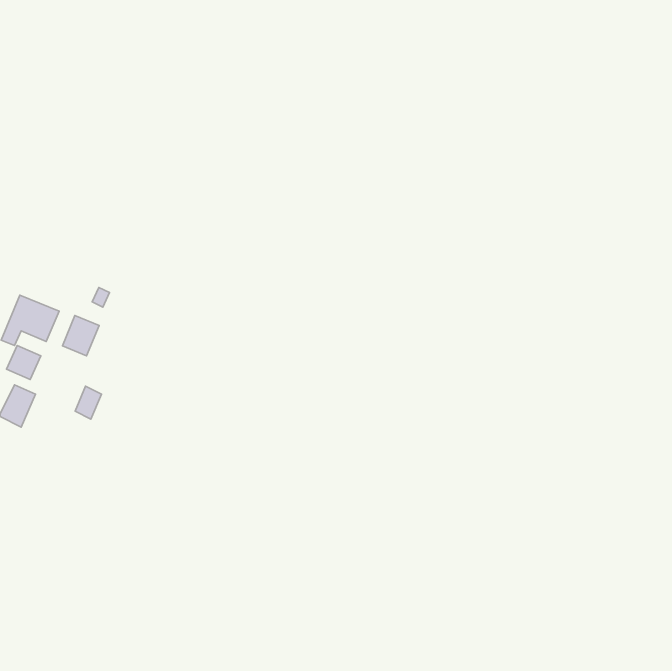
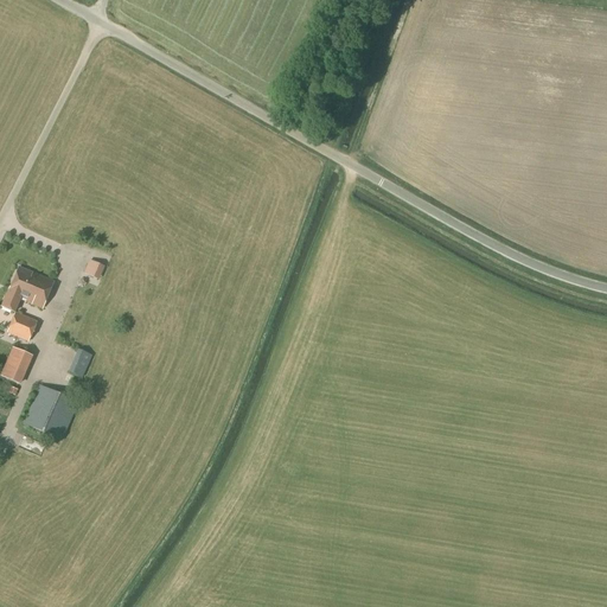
building: [62,316,99,356] -> none
building: none -> [24,384,79,440]

